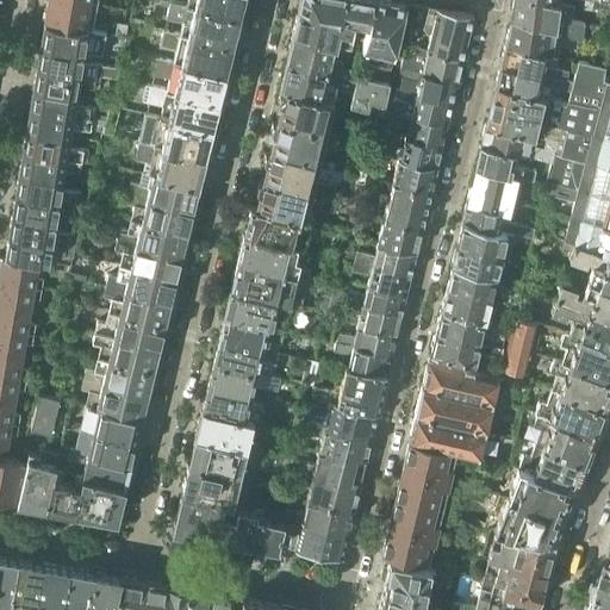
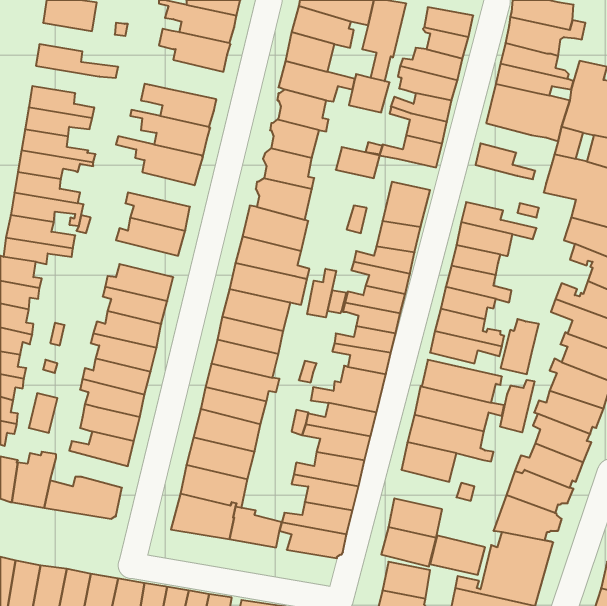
building: [43,27,110,56] -> none
building: [155,61,226,104] -> none
building: [36,70,102,98] -> none
building: [483,127,560,167] -> none
building: [394,163,438,194] -> [336,147,380,178]
building: [468,169,519,216] -> none
building: [131,176,199,211] -> none
building: [117,244,181,281] -> none
building: none -> [307,269,336,317]
building: none -> [500,380,534,432]
building: [70,454,131,491] -> none
building: [397,473,452,512] -> [430,535,485,575]

